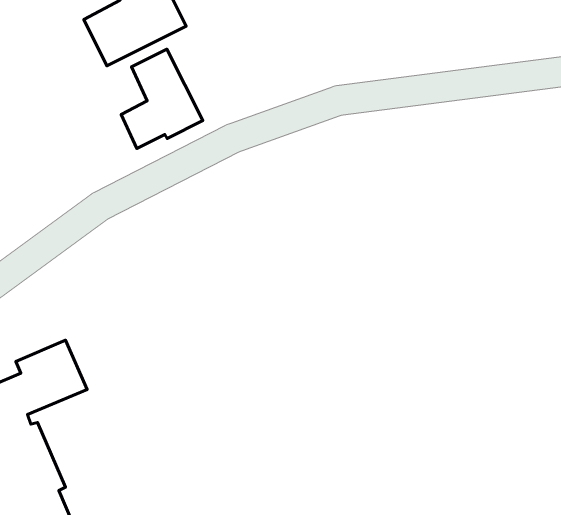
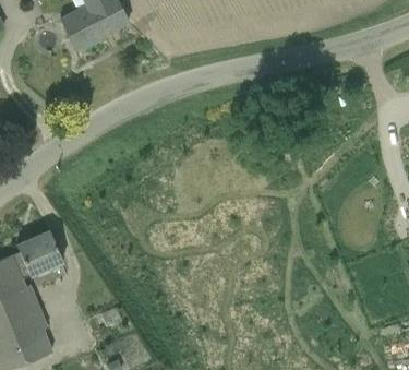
building: [121,49,203,148] -> none

